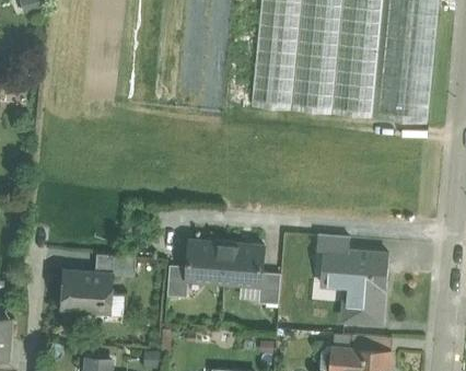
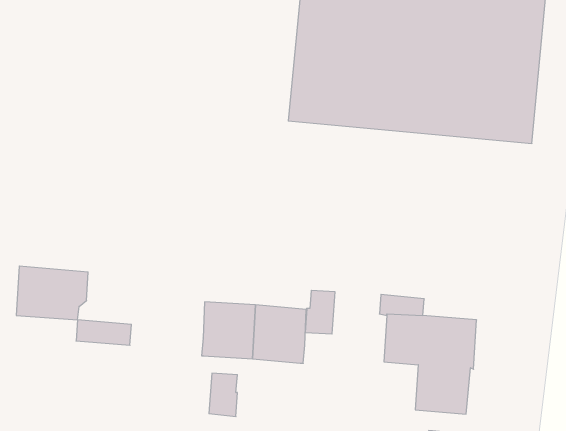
building: [167,266,188,298] -> [209,373,237,417]
building: [59,271,112,311] -> [16,266,88,320]
building: [258,273,280,304] -> [305,290,335,334]

